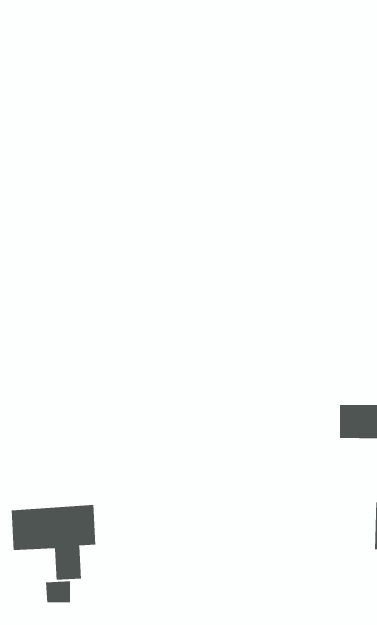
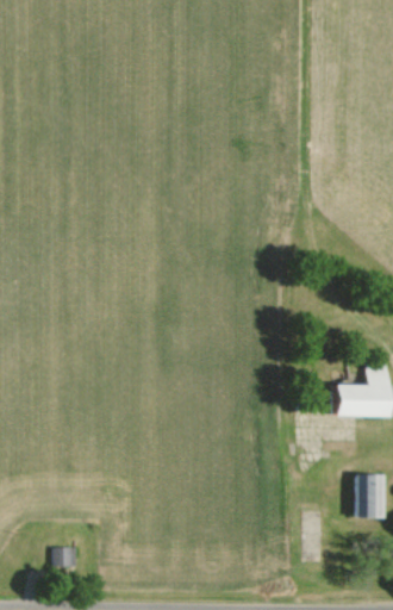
building: [11,504,96,580] -> none

